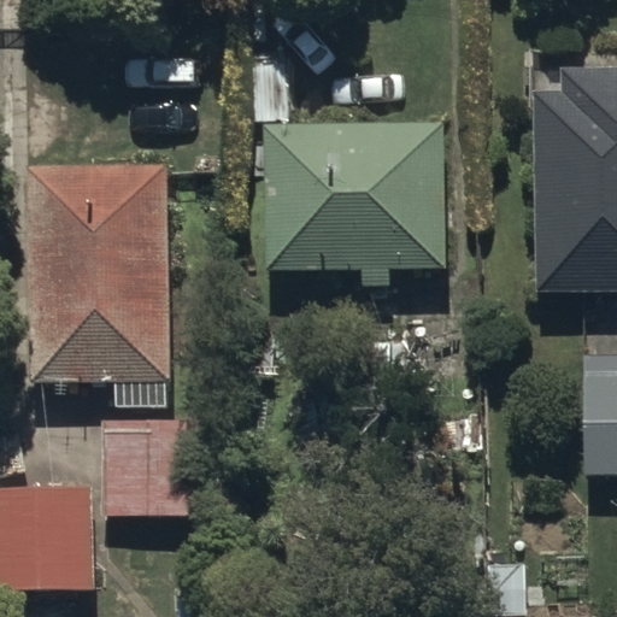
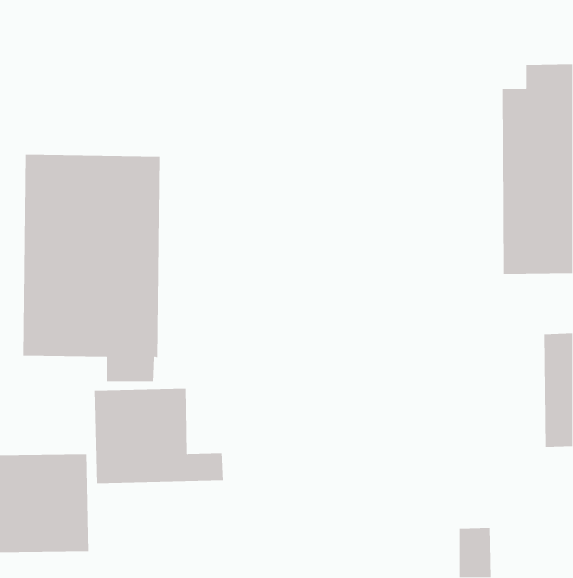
building: [264,123,445,289] -> none

